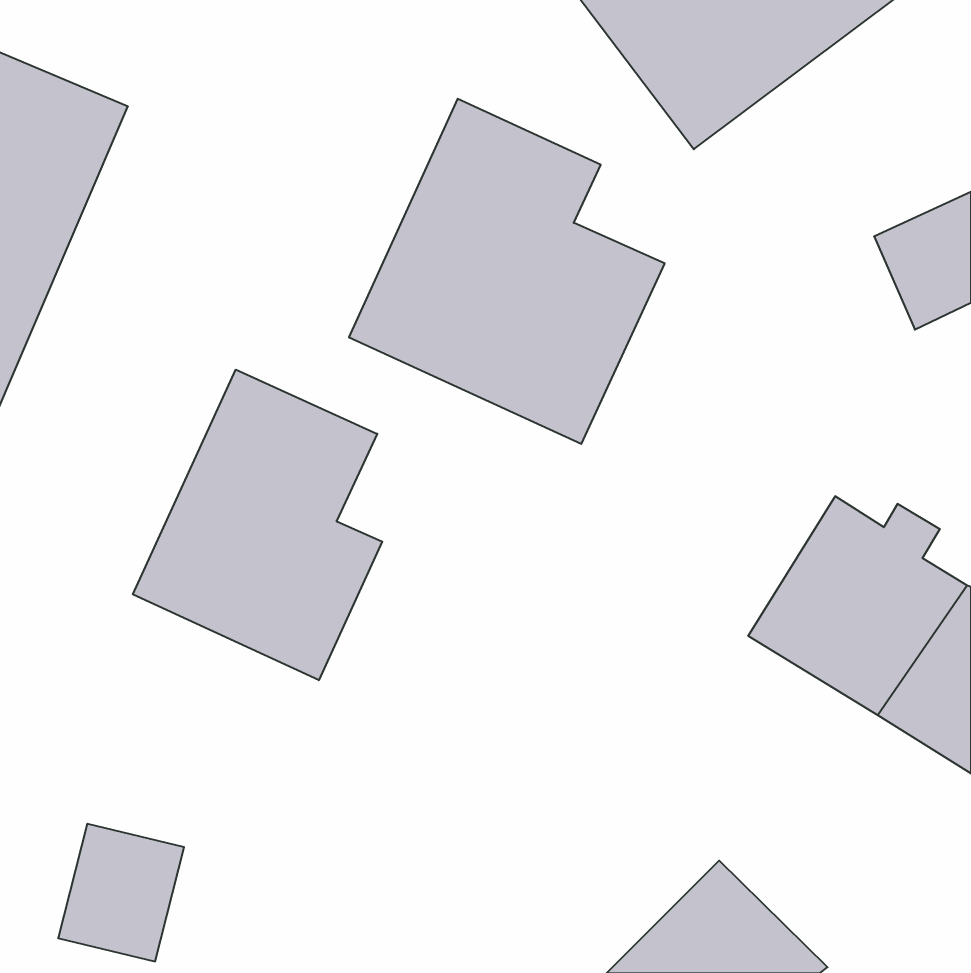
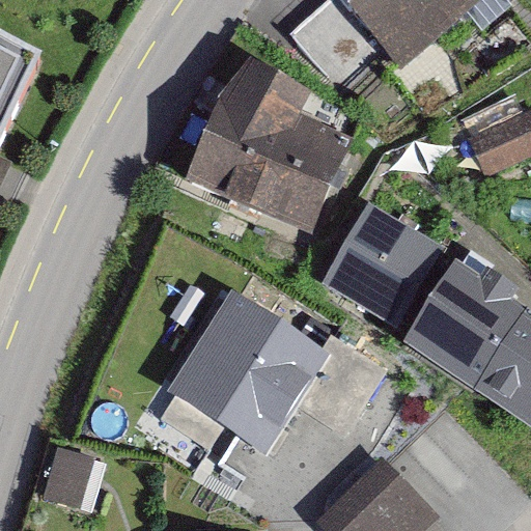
building: [133,370,382,680] -> none
building: none -> [319,209,425,322]
building: none -> [153,291,380,458]

